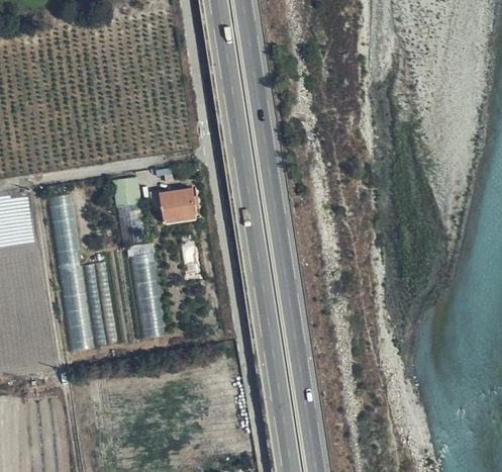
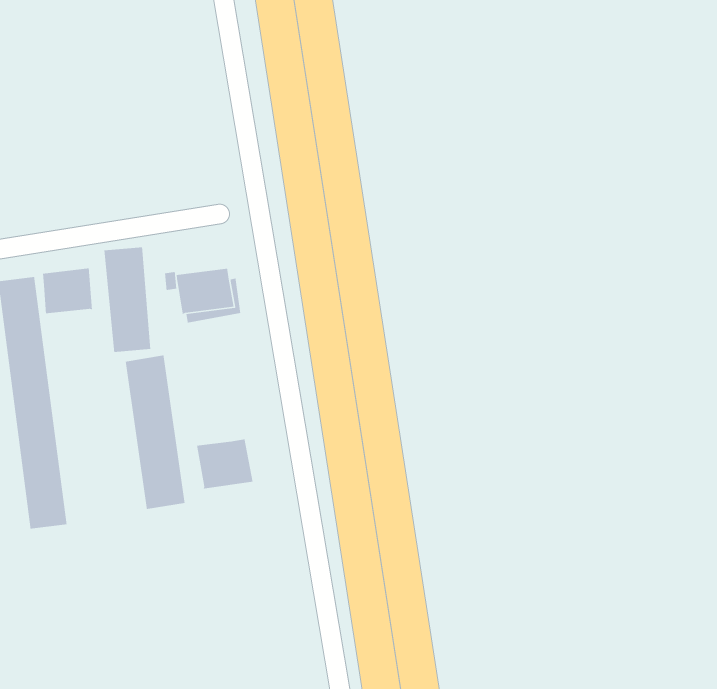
building: none -> [42,268,93,314]
building: none -> [196,439,254,489]

